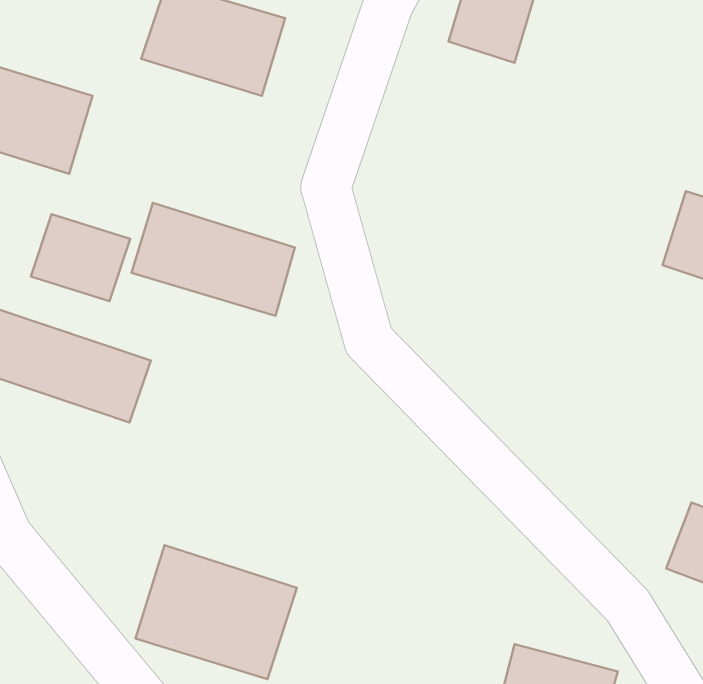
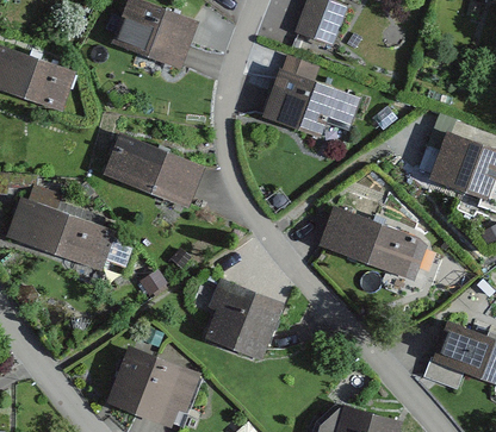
building: none -> [260,69,361,134]
building: [31,214,130,301] -> none
building: none -> [317,206,429,281]
building: none -> [202,283,281,362]

